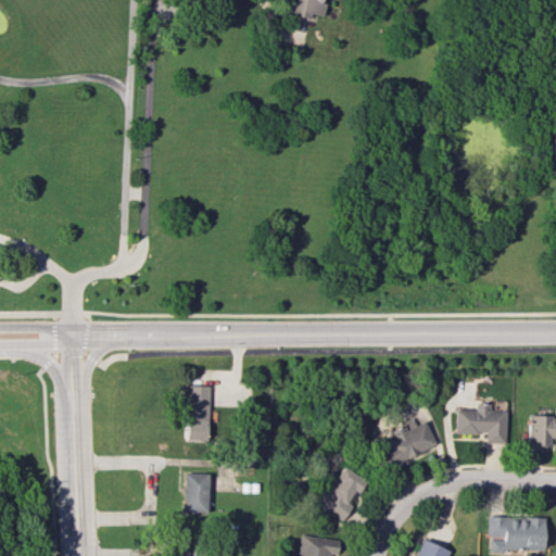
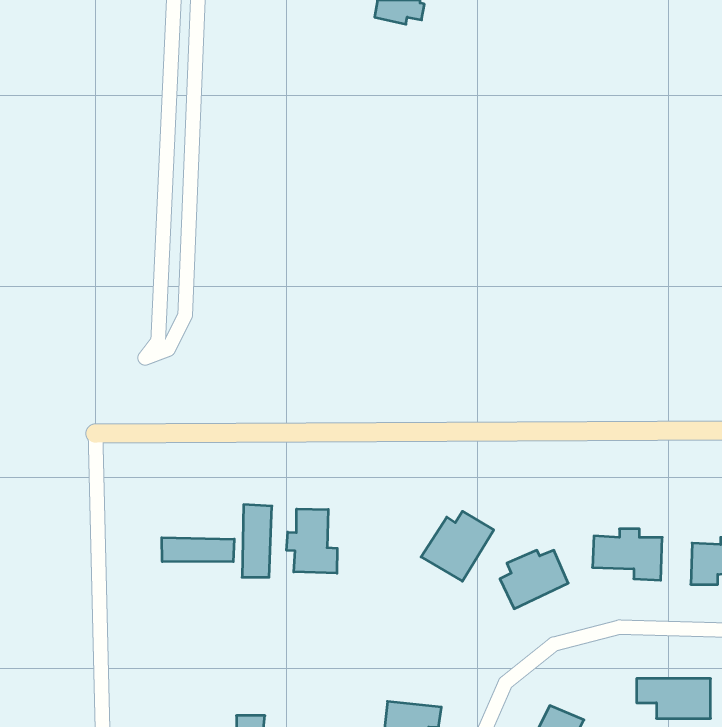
building: none -> [287,509,337,573]
building: none -> [162,538,234,562]
building: [312,467,367,520] -> [421,511,494,581]
building: [186,472,211,511] -> none

